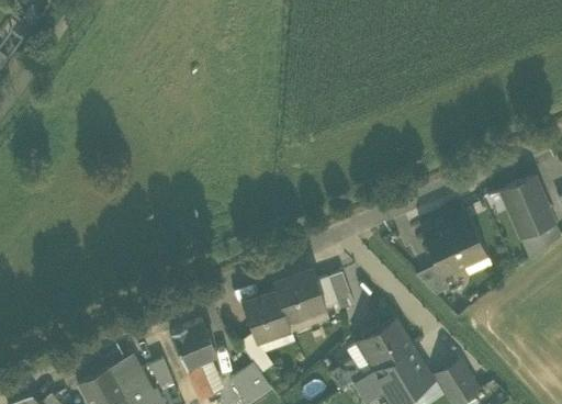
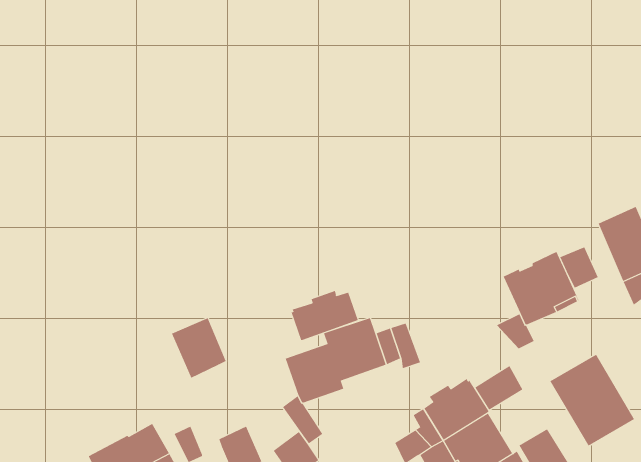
building: none -> [559,246,599,289]
building: none -> [291,290,359,341]
building: none -> [550,354,635,446]
building: none -> [475,365,523,411]
building: [171,319,217,370] -> [171,318,227,378]

